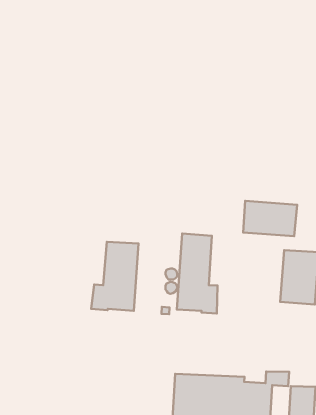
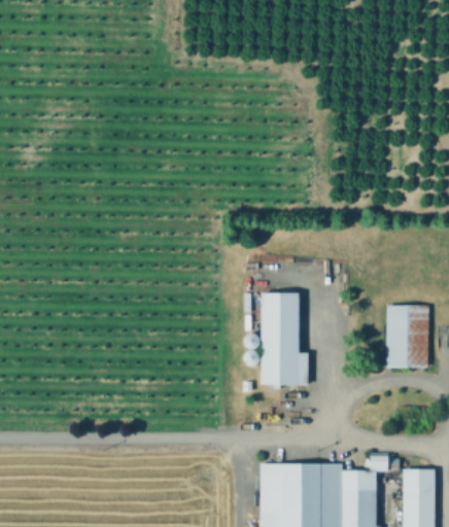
building: [243,201,297,236] -> none
building: [91,242,138,311] -> none

